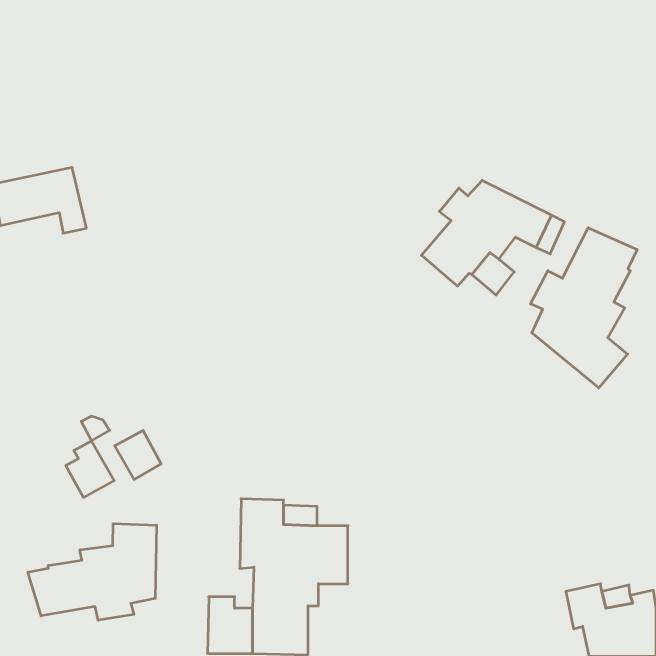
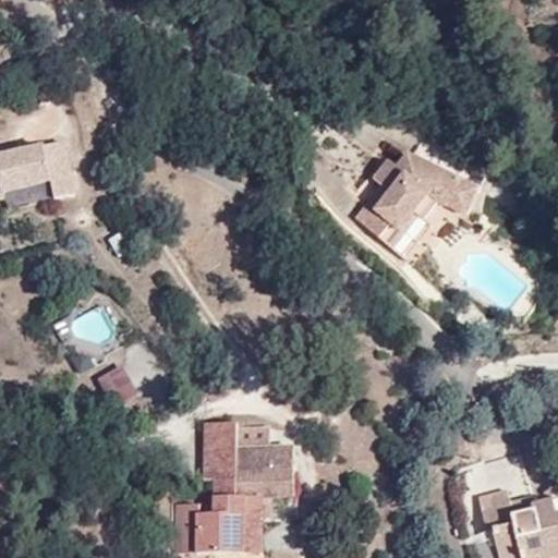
building: [531,228,637,388] -> none
building: [66,441,114,497] -> none
building: [28,524,157,620] -> none

